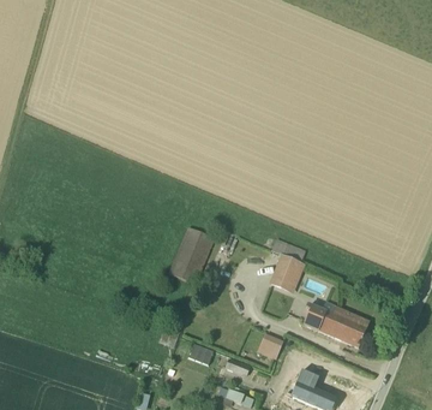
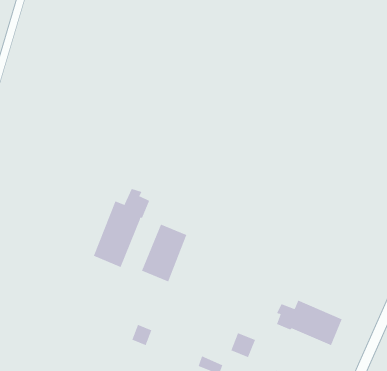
building: none -> [93,188,150,268]
building: [269,237,305,292] -> none

